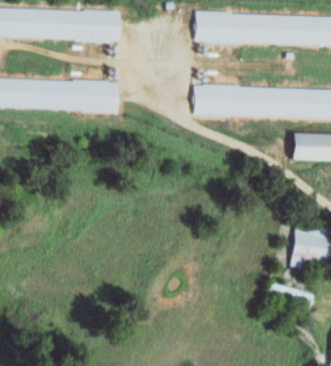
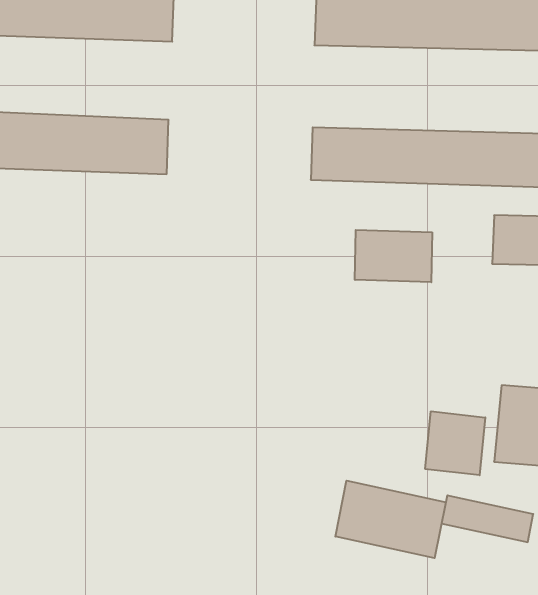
building: none -> [355,230,432,282]
building: none -> [425,411,485,475]
building: none -> [335,481,446,558]

